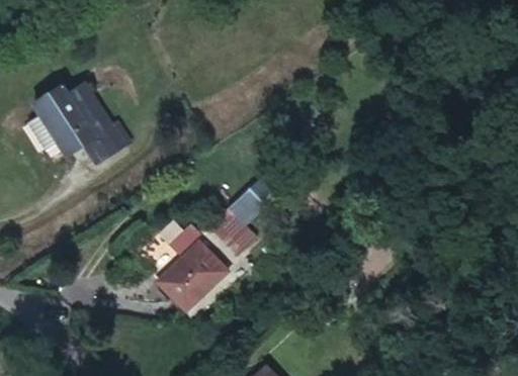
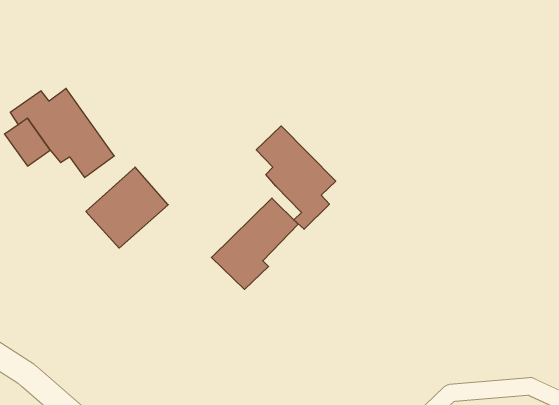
building: none -> [256,126,336,229]
building: [157,231,230,303] -> [86,167,168,248]

